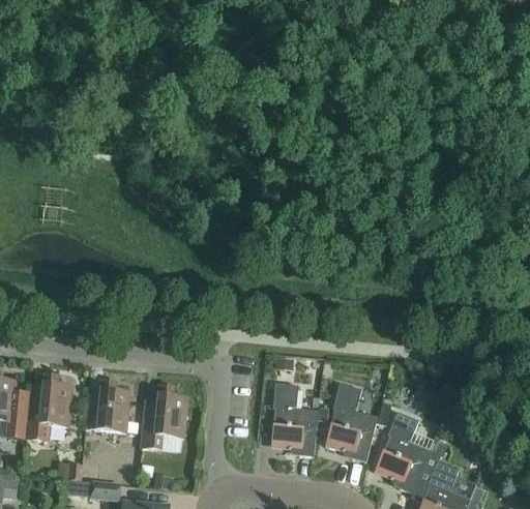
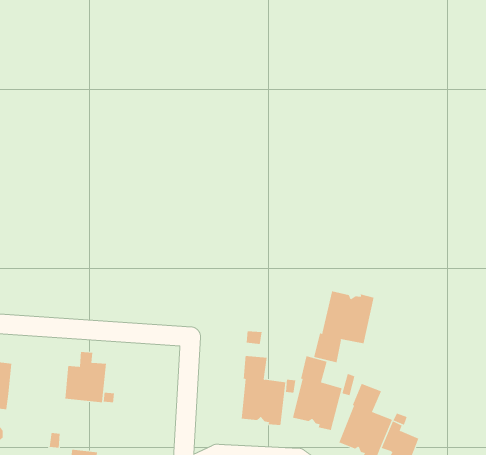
building: none -> [314,291,374,363]
building: [25,372,71,441] -> none
building: [141,384,186,449] -> none

